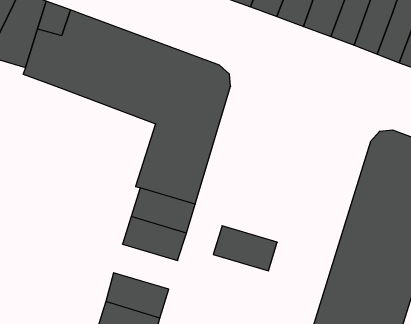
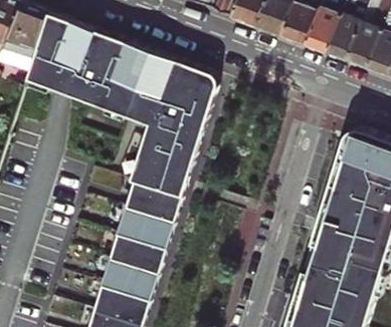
building: [213,226,277,271] -> [109,234,167,275]

